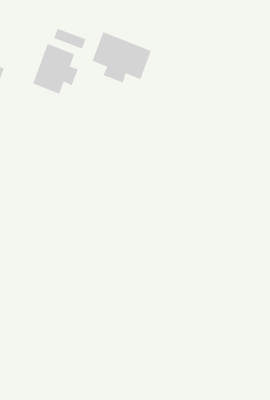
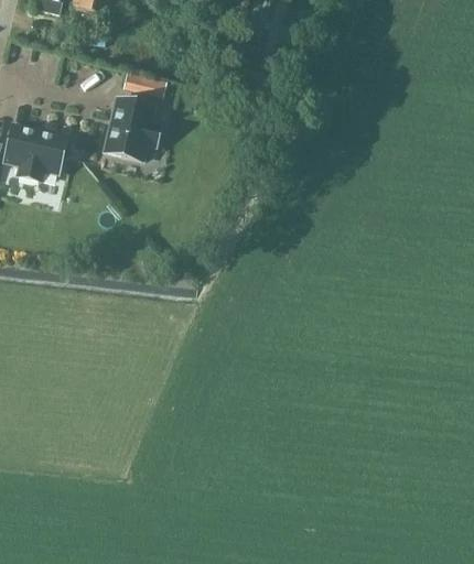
building: [92,31,152,83] -> none

